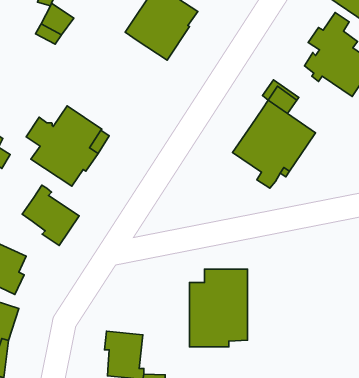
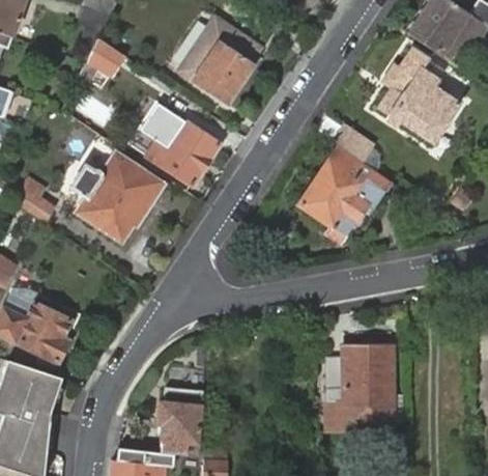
building: none -> [141,104,220,186]
building: [22,185,79,245] -> none
building: [190,269,248,347] -> [327,343,392,429]

